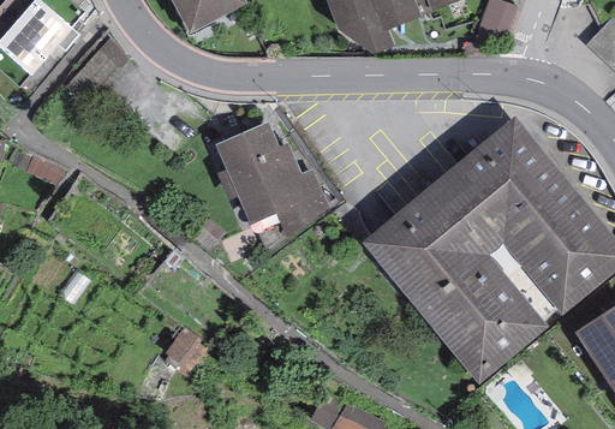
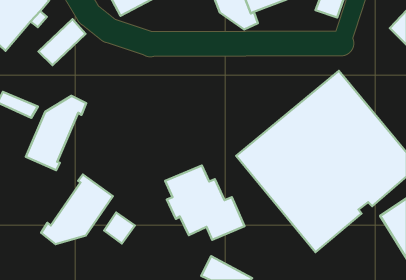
building: [214,121,332,232] -> [165,165,245,240]
building: none -> [26,96,86,170]
building: none -> [41,175,113,244]

